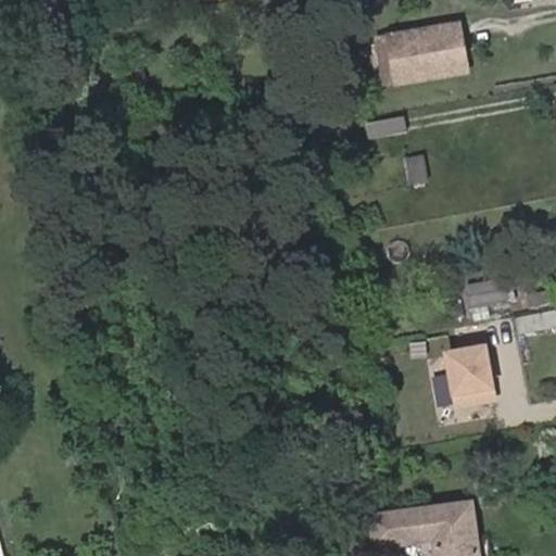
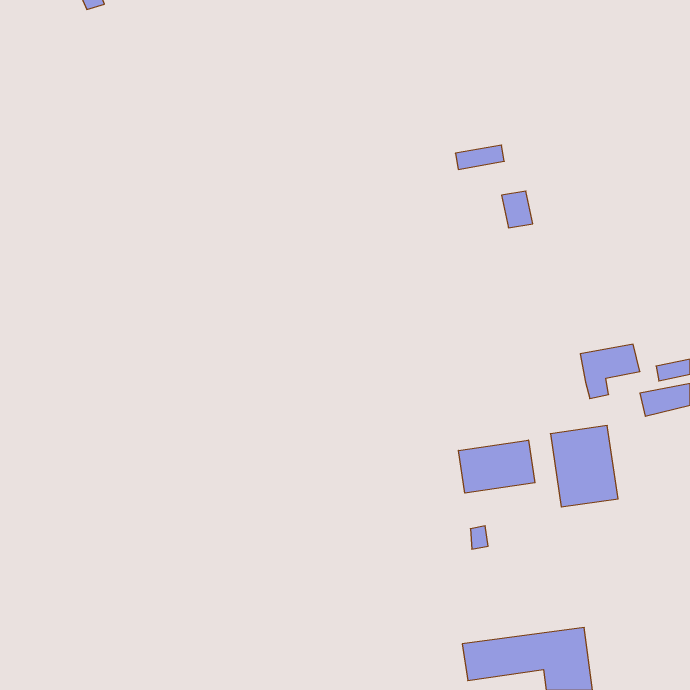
building: [389,25,463,79] -> none
building: none -> [458,440,535,493]

